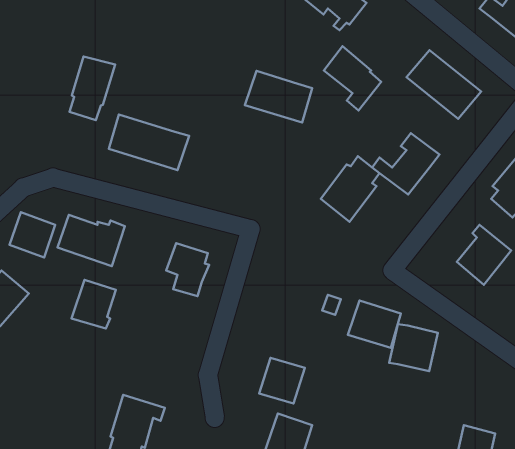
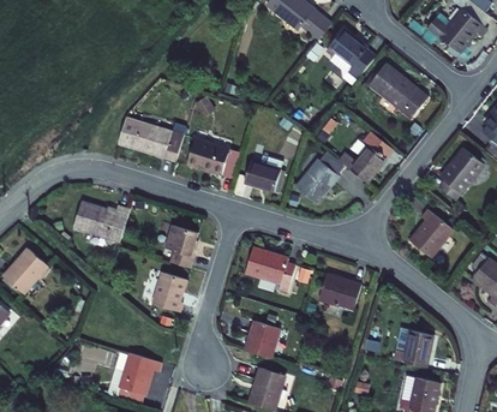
building: [324,46,381,110] -> [328,25,376,79]
building: [69,56,115,120] -> none
building: [245,71,312,122] -> [185,137,241,180]
building: none -> [242,160,286,195]
building: [10,212,55,257] -> none
building: none -> [244,245,295,293]
building: [71,280,116,328] -> [151,270,188,311]
building: [389,324,438,371] -> [393,327,433,366]

